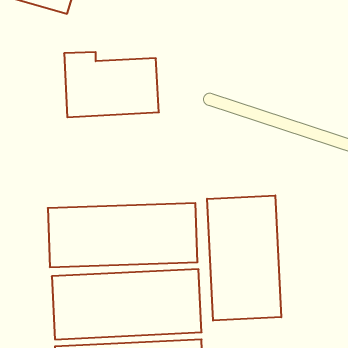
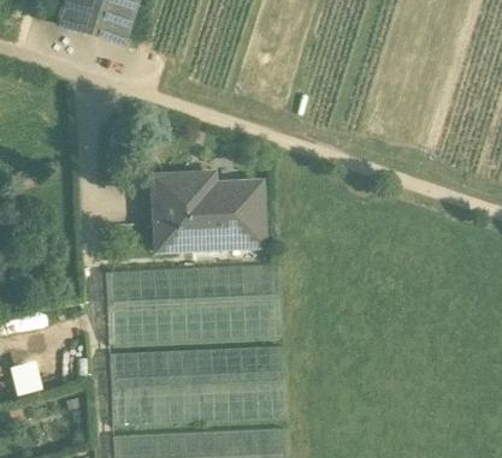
building: [64,52,159,117] -> [152,176,264,252]
building: [207,195,281,321] -> none

